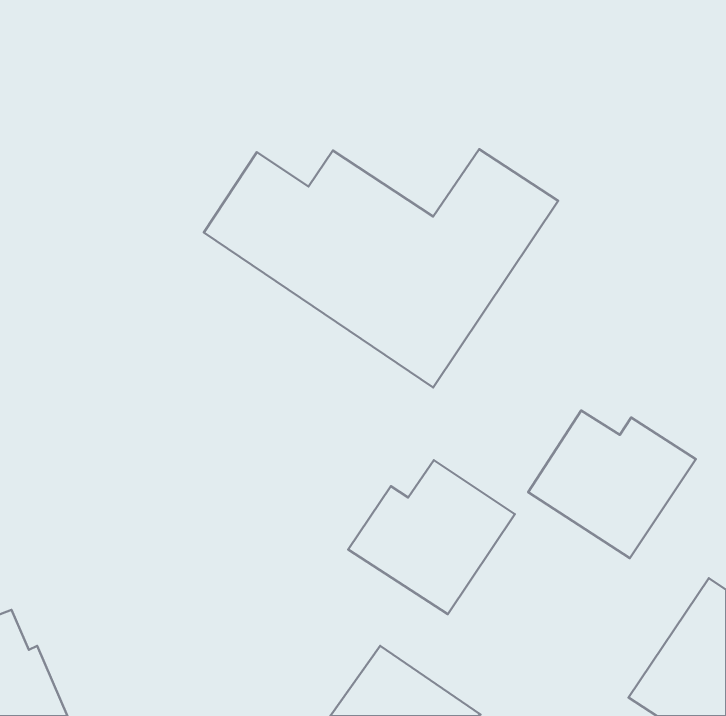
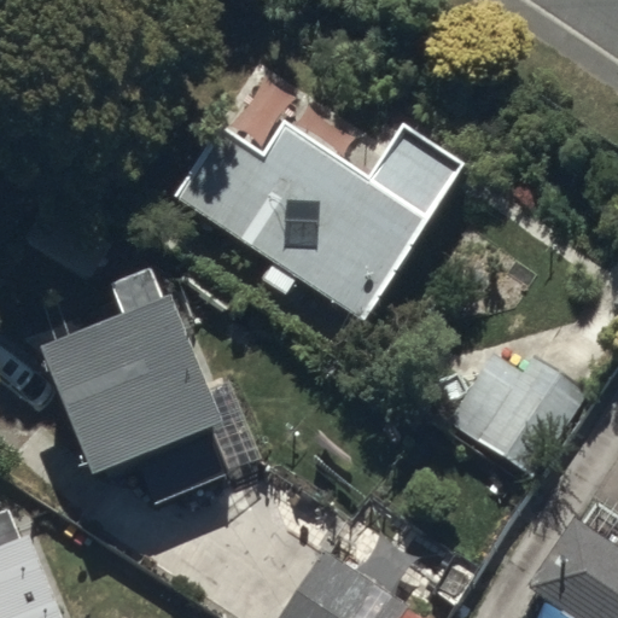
building: none -> [42,275,226,483]
building: [348,460,515,614] -> none

